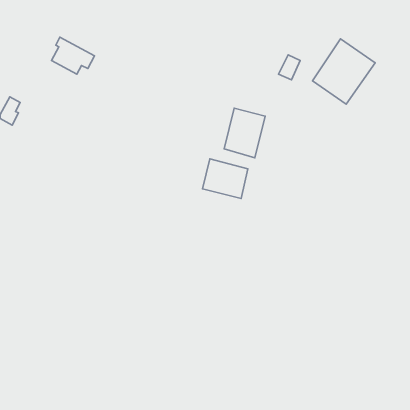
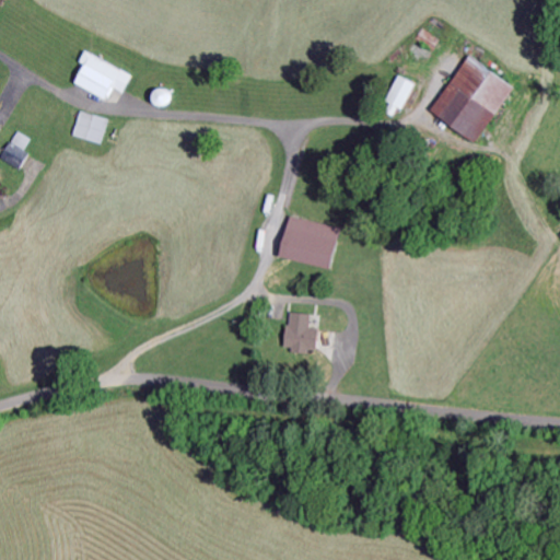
building: none -> [72,112,109,144]
building: [224,108,265,158] -> none
building: none -> [284,312,319,353]

